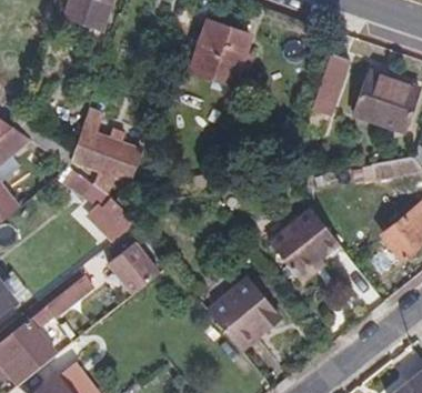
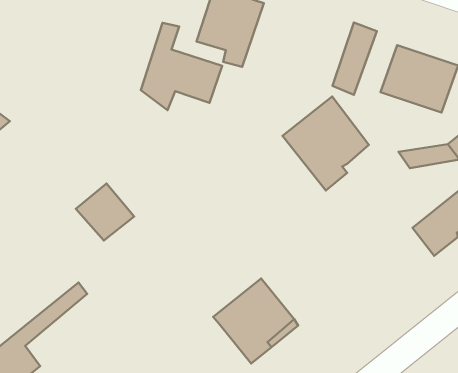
building: [70,108,141,184] -> [141,23,222,110]
building: [265,208,341,290] -> [283,97,369,191]
building: [107,238,158,291] -> none

